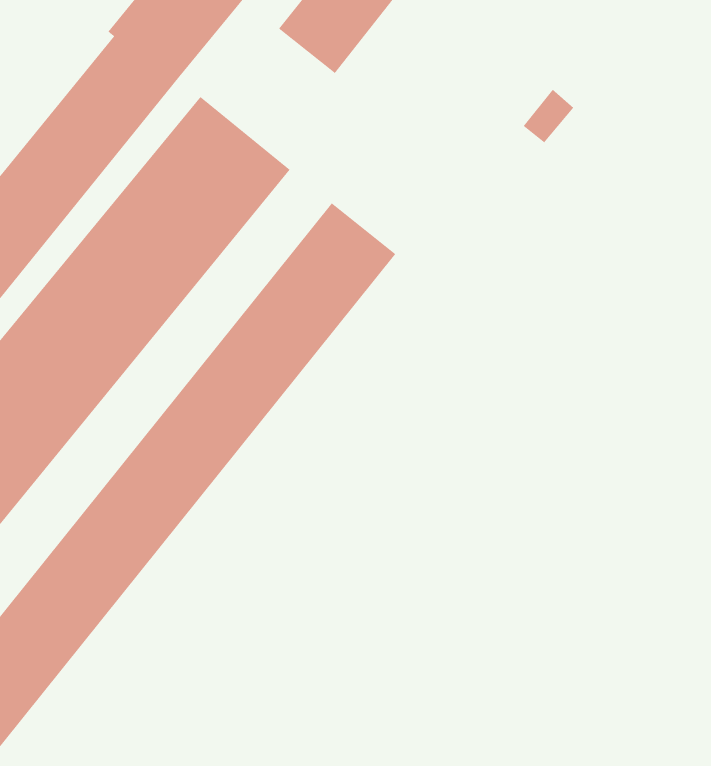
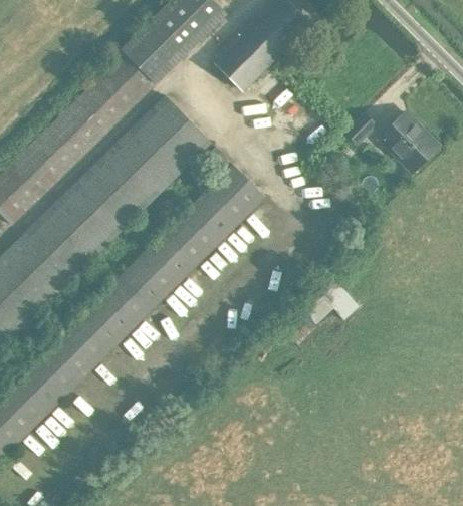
building: none -> [379,112,438,172]

